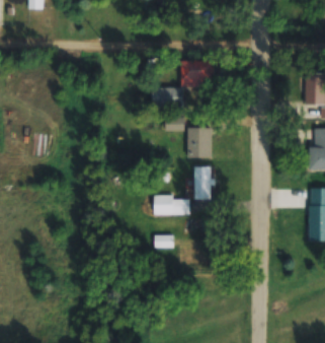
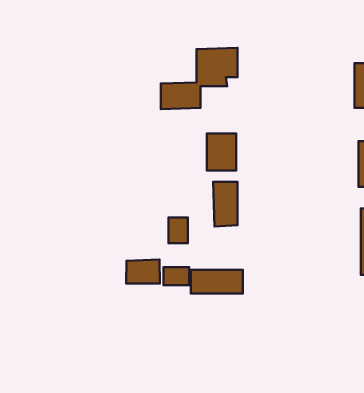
building: none -> [126,260,160,283]
building: none -> [191,270,243,293]

